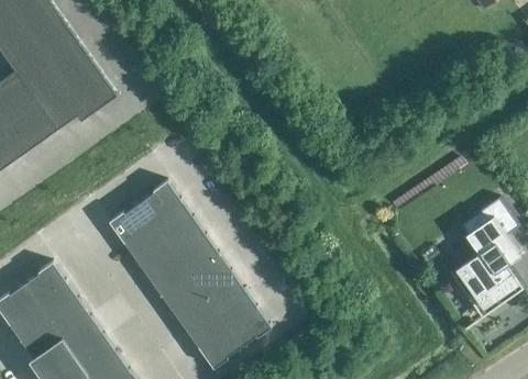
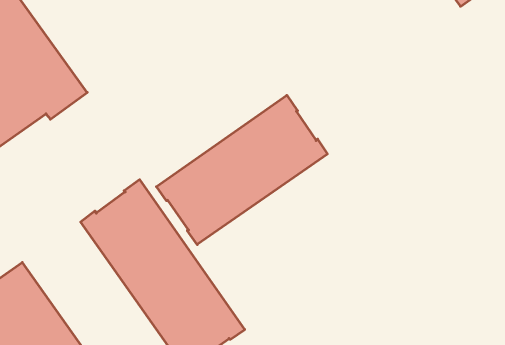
building: none -> [156,95,327,245]
building: [449,198,521,330] -> none

